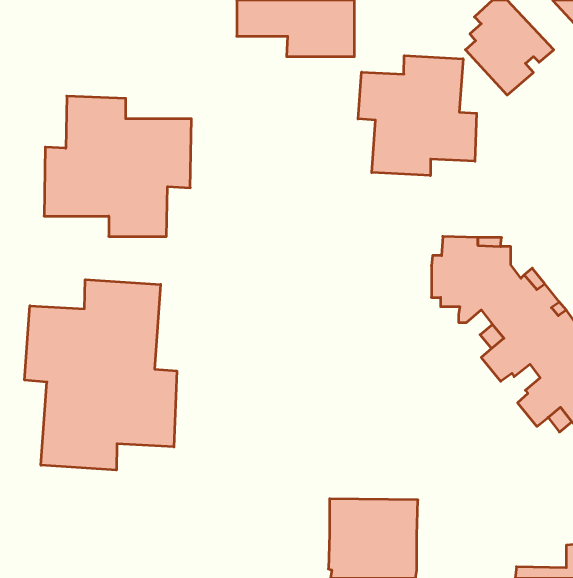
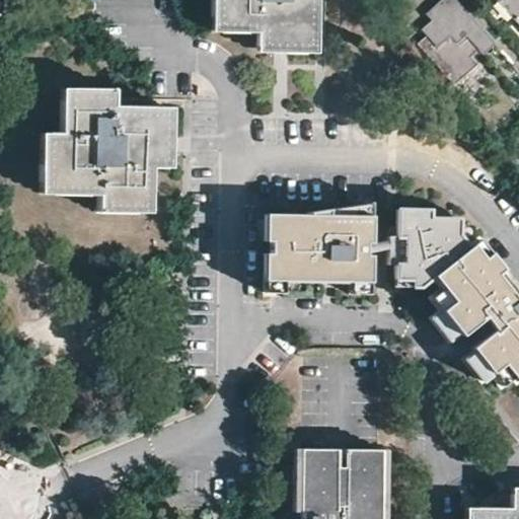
building: [358,56,477,176] -> none
building: none -> [267,205,375,296]
building: [25,280,177,470] -> none

